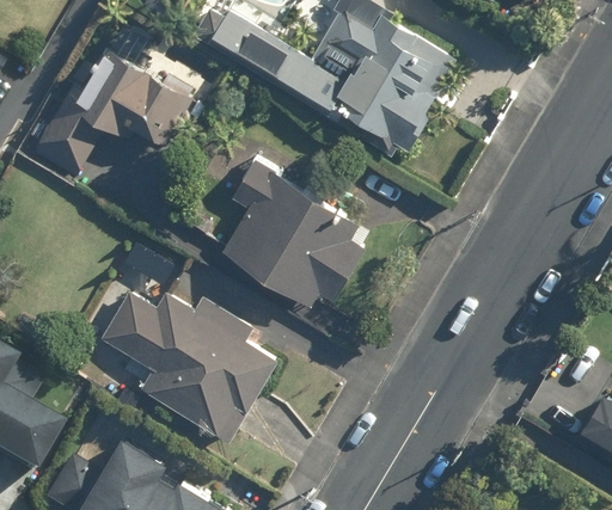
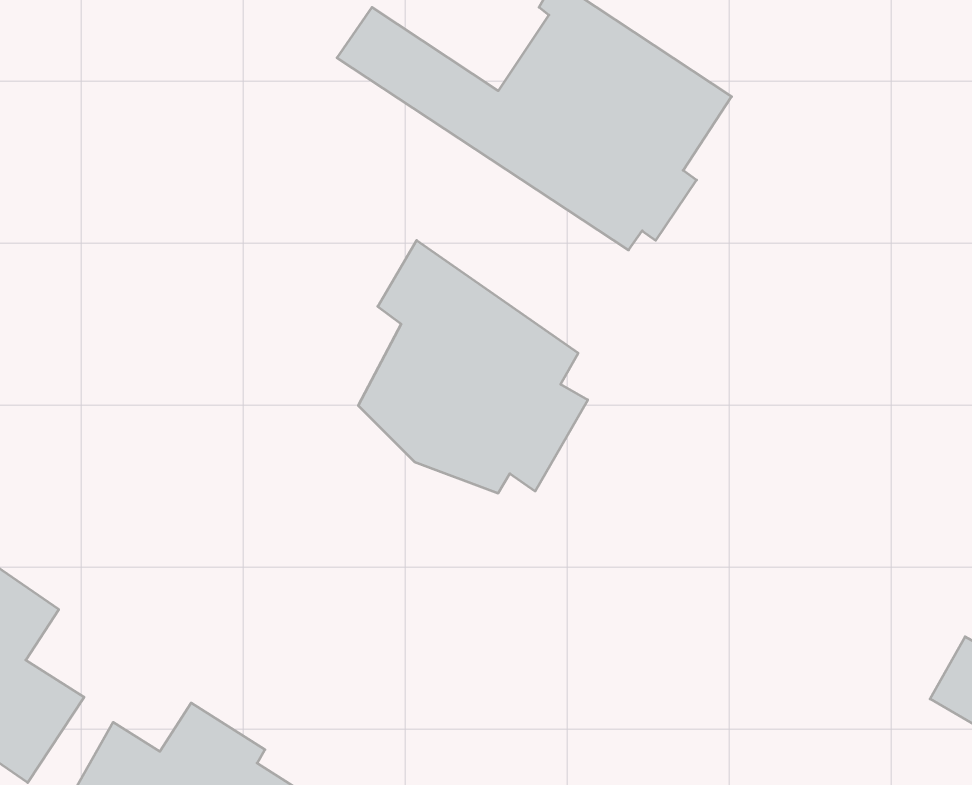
building: [37,45,191,173] -> none
building: [104,289,276,442] -> none

